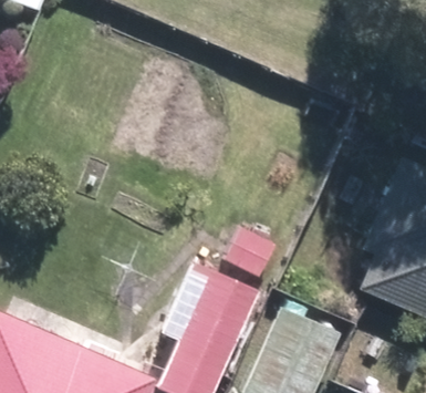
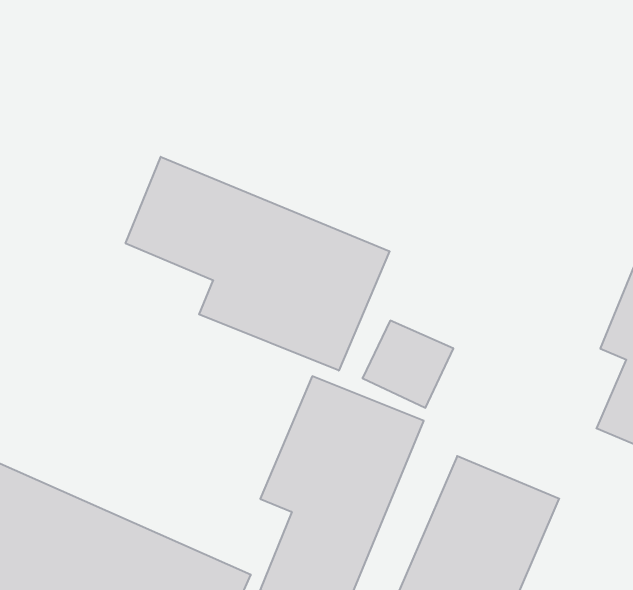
building: none -> [126,157,390,371]

